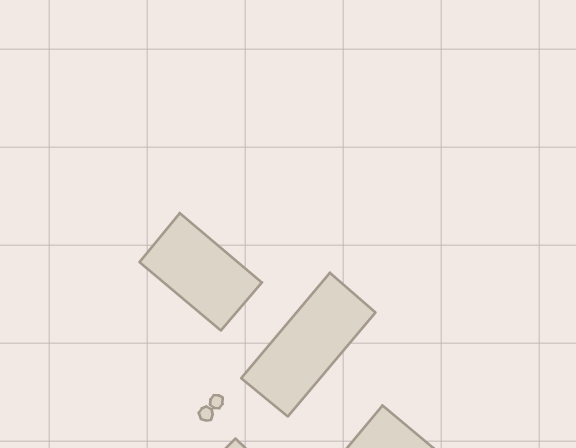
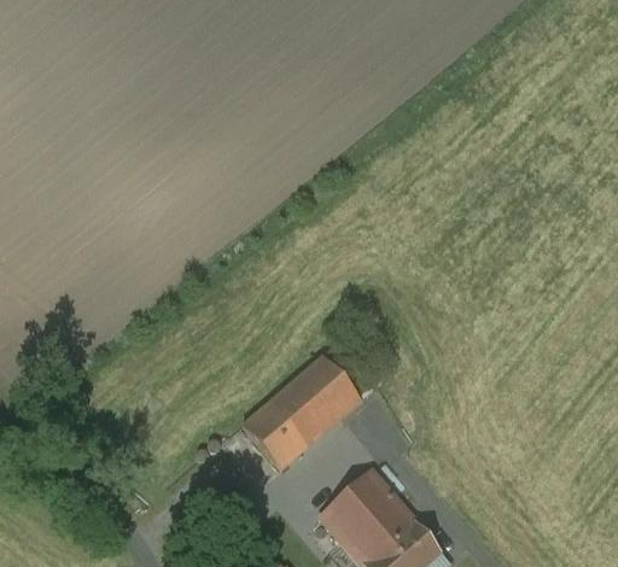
building: [140,213,262,330] -> none

